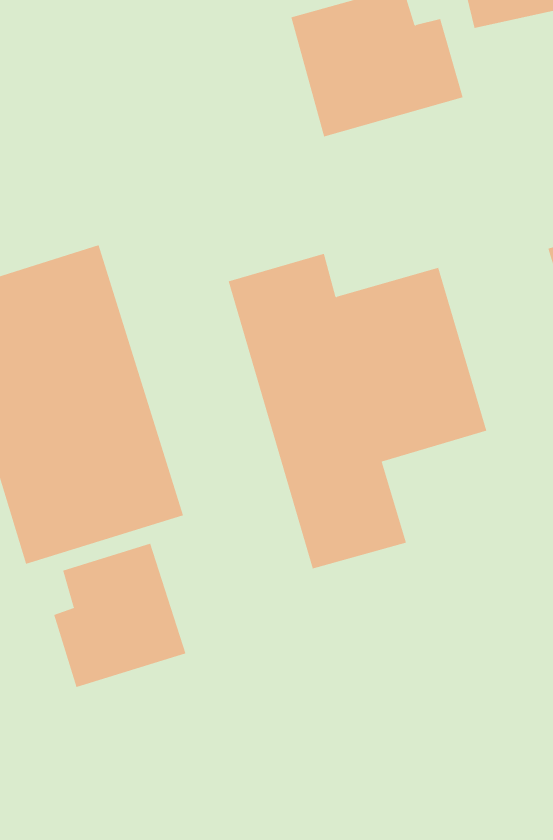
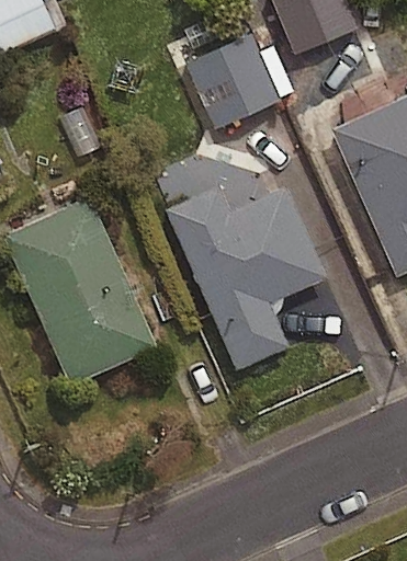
building: [54,543,186,688] -> none

